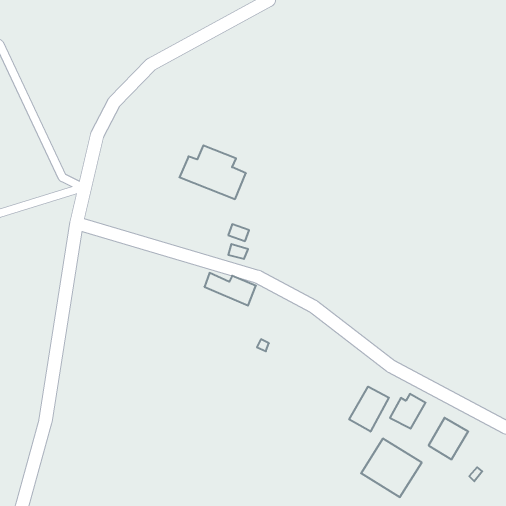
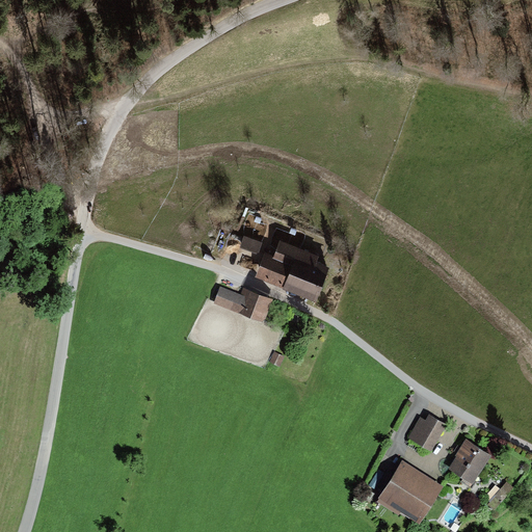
building: [179,145,246,199] -> [256,243,325,299]
building: [349,387,389,432] -> none

